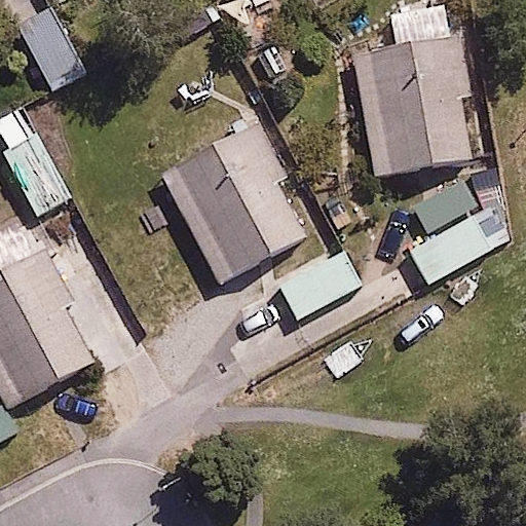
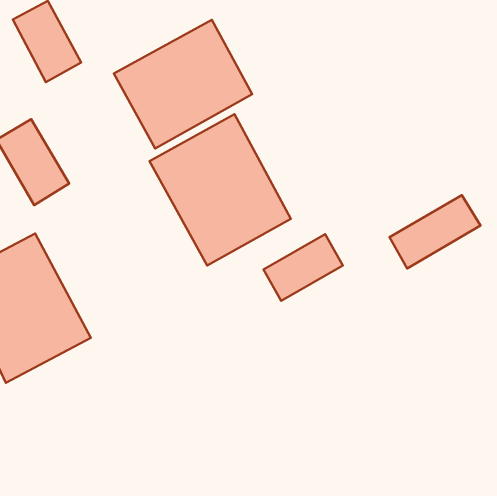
building: none -> [114,20,252,148]
building: [354,34,486,178] -> none

